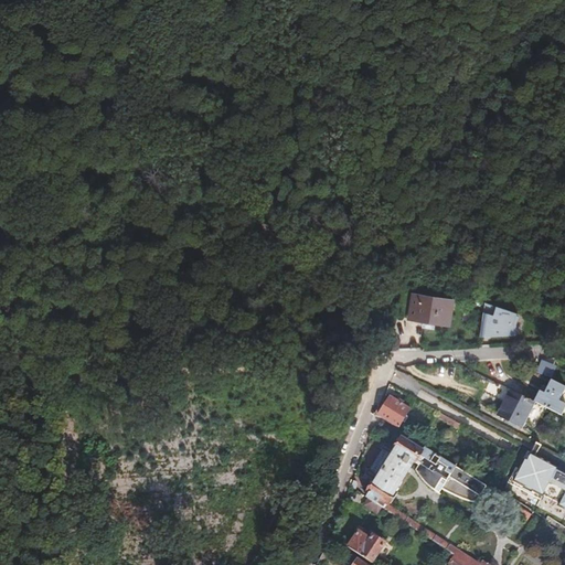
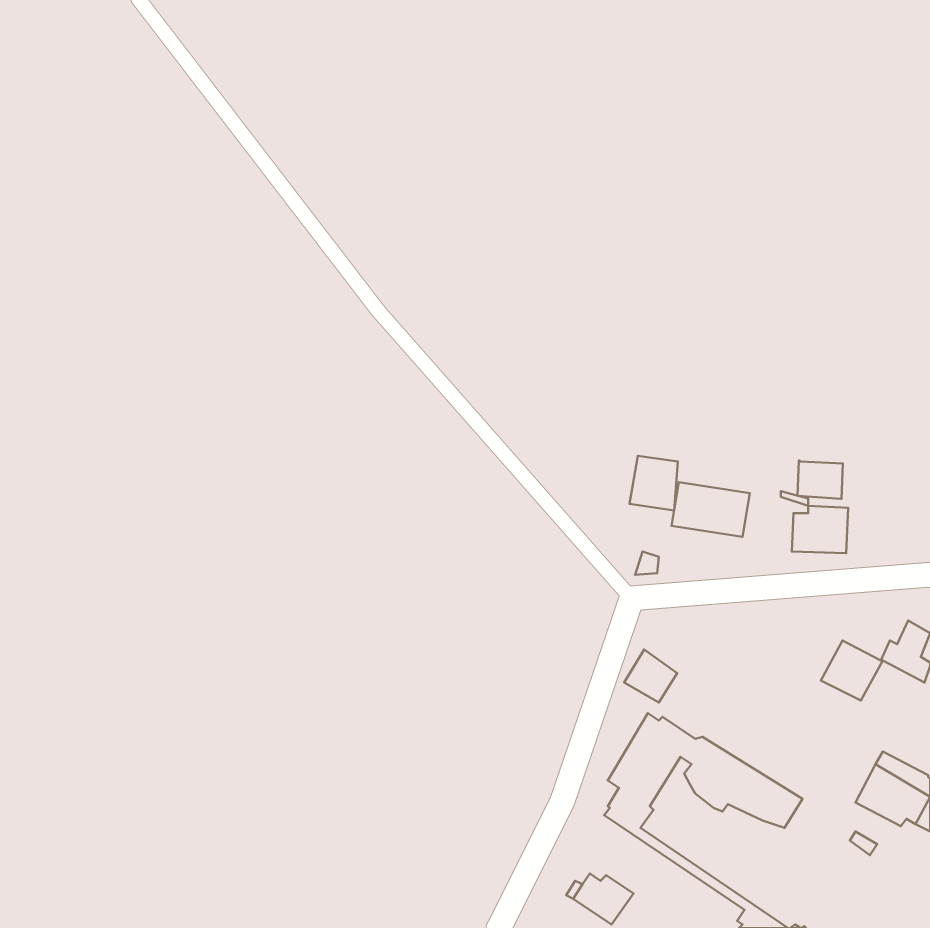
building: none -> [629,456,678,511]
building: none -> [798,461,843,499]

